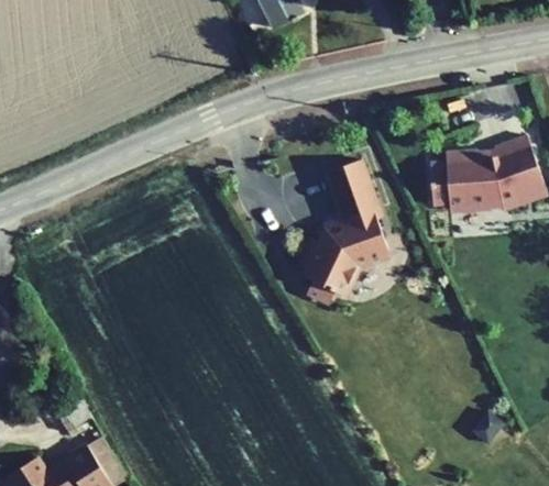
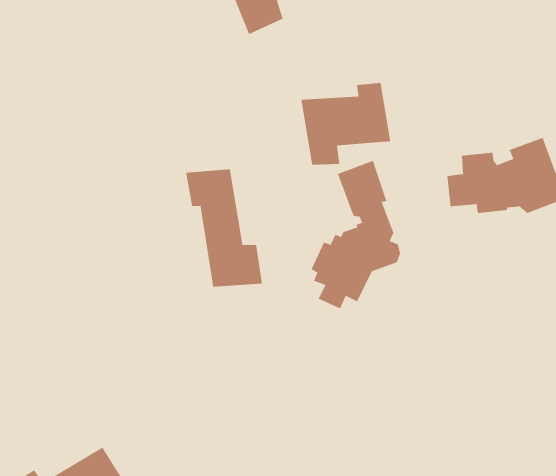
building: none -> [301,82,391,166]
building: none -> [186,169,263,288]

